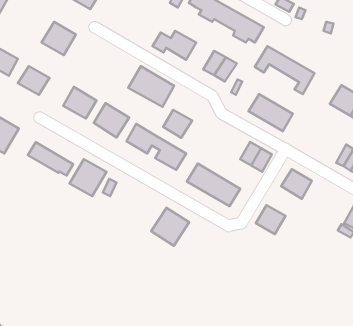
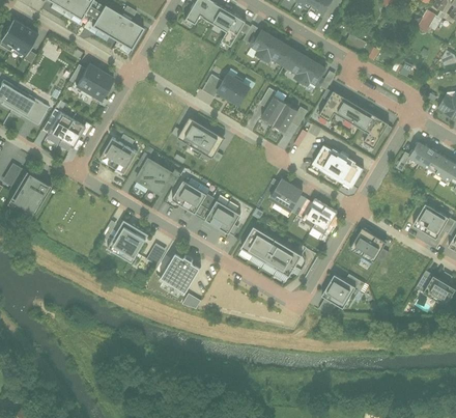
building: [163,110,192,138] -> [270,179,304,212]
building: [28,142,73,175] -> none
building: [151,208,189,246] -> [159,252,202,296]

